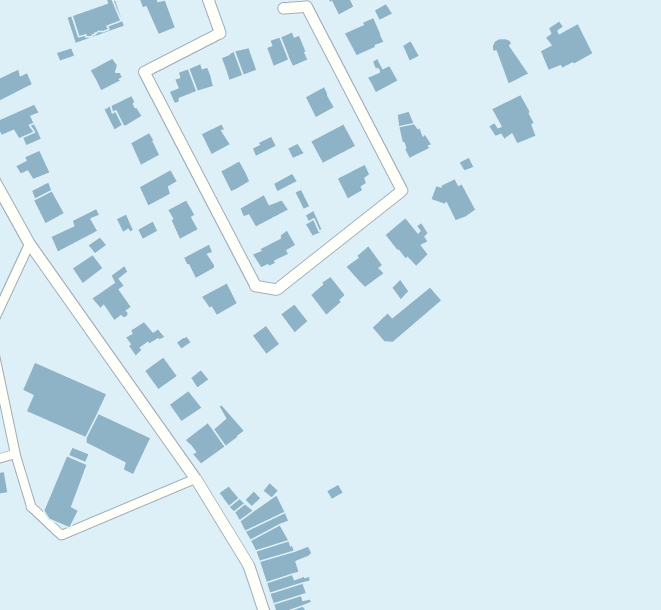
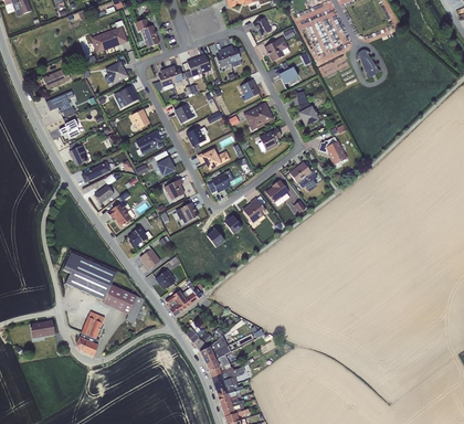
building: [540,20,593,71] -> none
building: [488,94,536,144] -> none
building: [372,286,442,343] -> none

